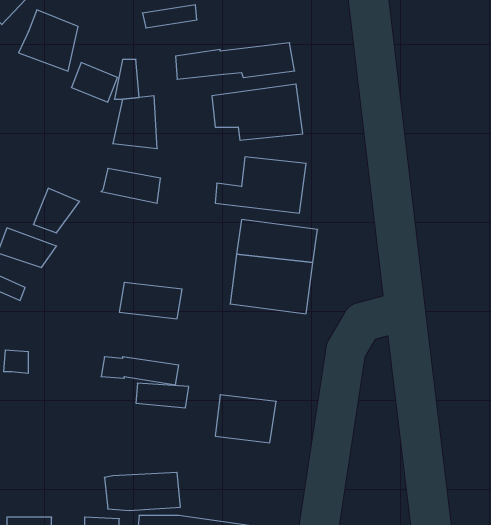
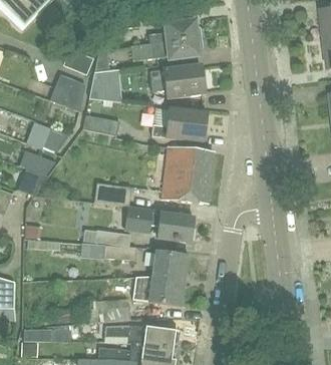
building: [19,10,78,71] -> [49,73,85,110]
building: none -> [153,20,197,43]
building: none -> [121,207,193,241]
building: none -> [147,277,185,306]

